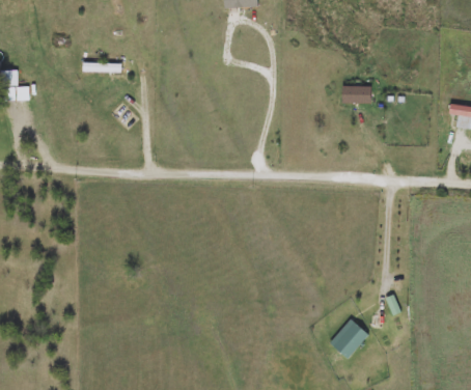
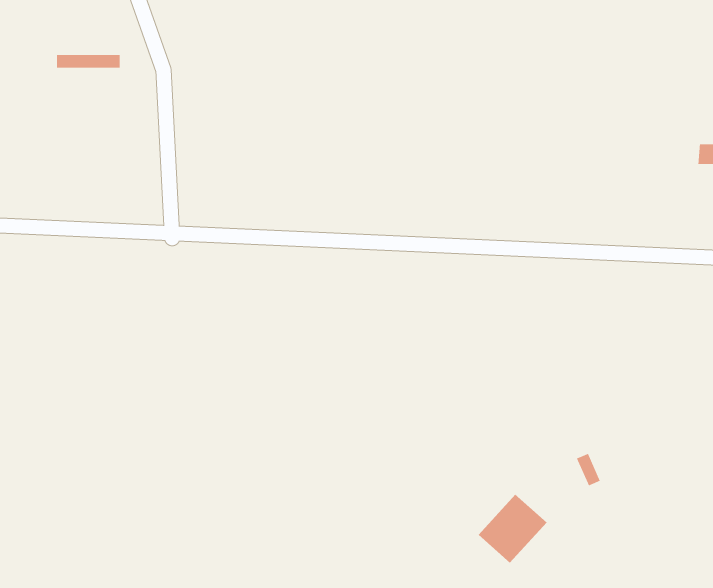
building: [340,85,370,103] -> none

